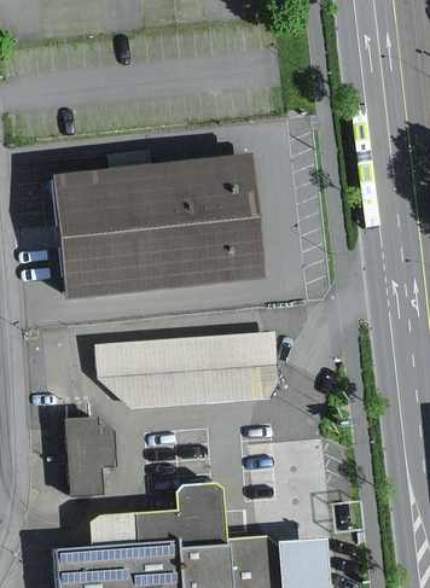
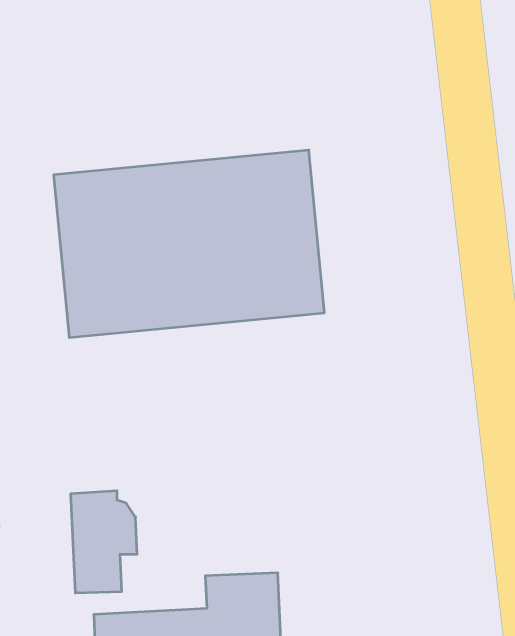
building: [92,334,279,413] -> none

